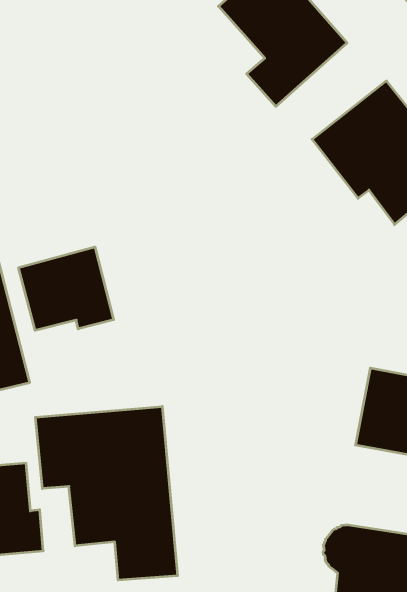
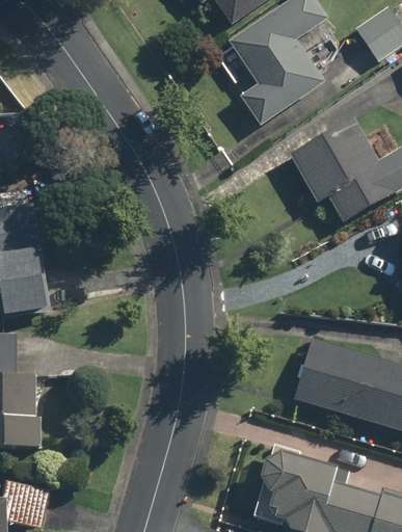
building: [19,247,114,330] -> none
building: [35,406,178,580] -> none

